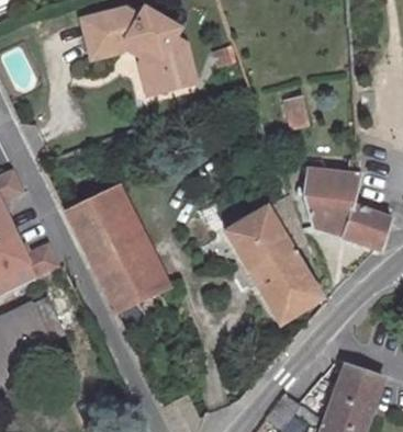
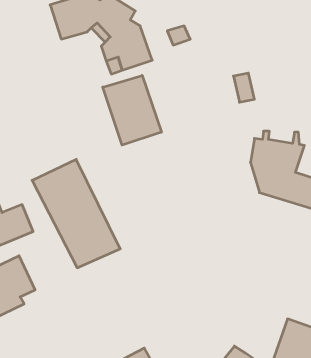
building: none -> [103,75,161,145]
building: [226,171,320,322] -> none

